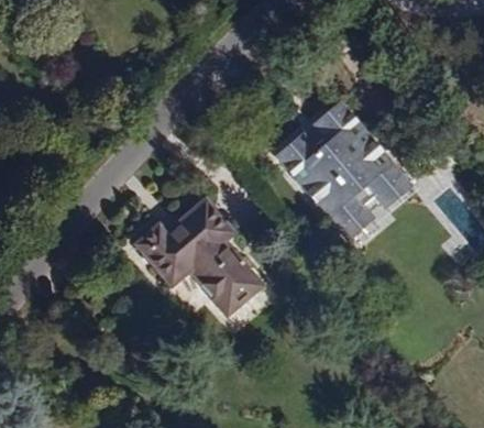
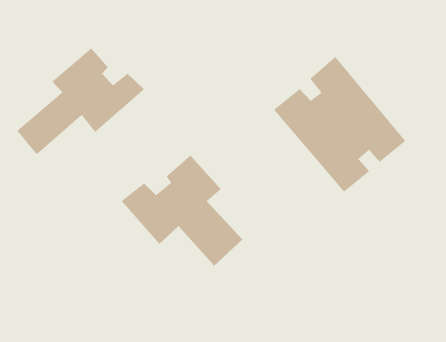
building: none -> [17,47,145,155]

